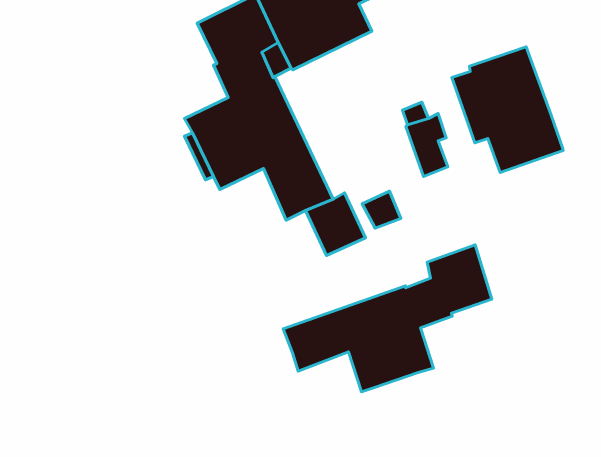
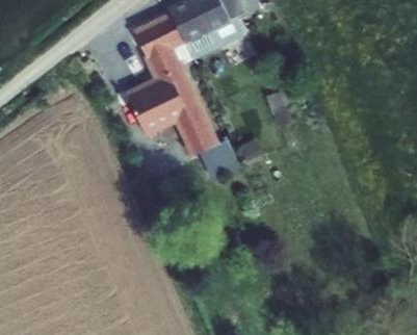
building: [452,47,563,173] -> none
building: [283,245,492,392] -> none

